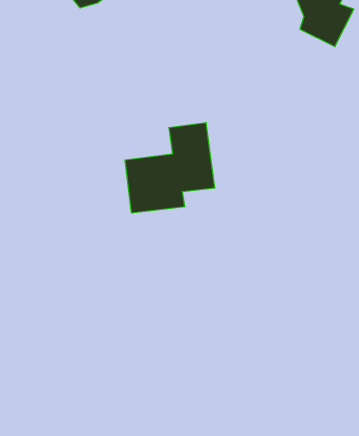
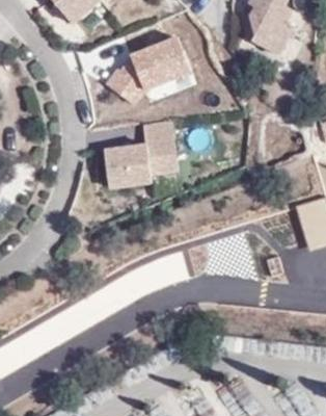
building: none -> [105,35,189,105]

